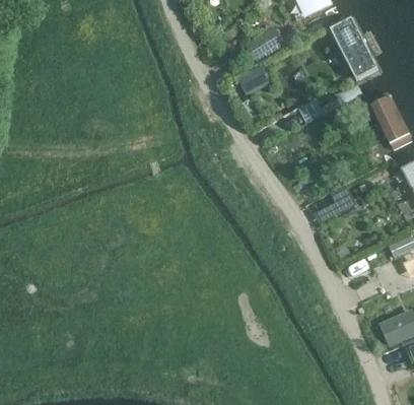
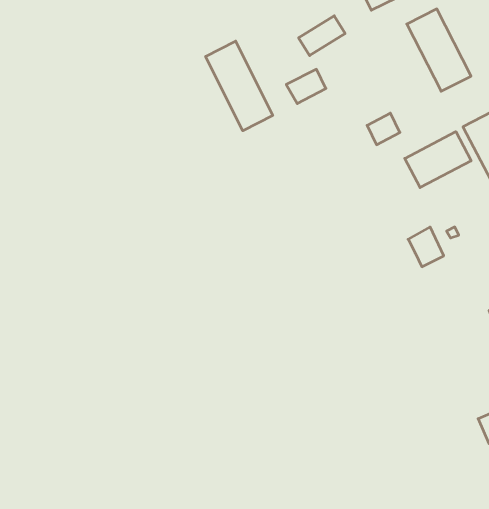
building: none -> [206,41,273,131]
building: none -> [405,132,471,188]

